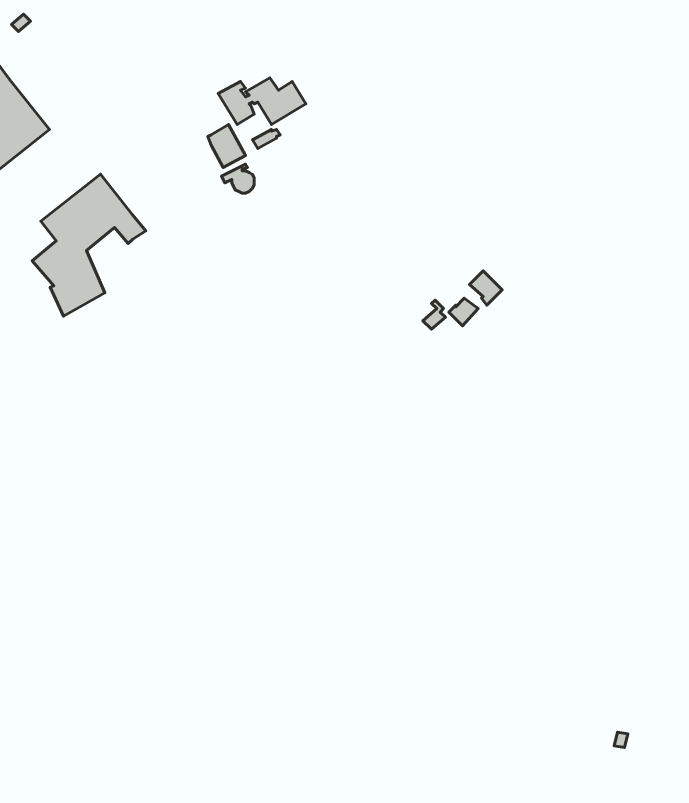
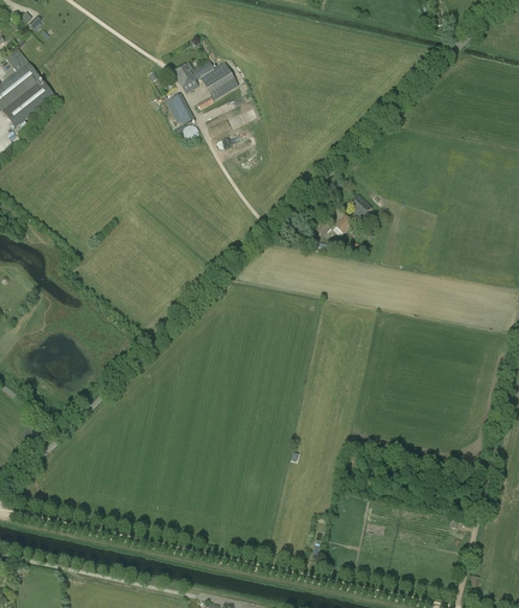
building: [32,174,146,316] -> none

